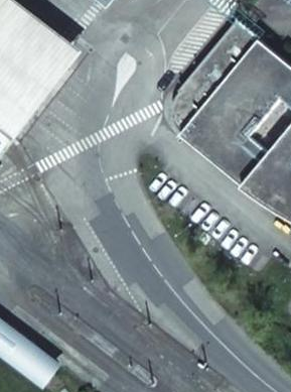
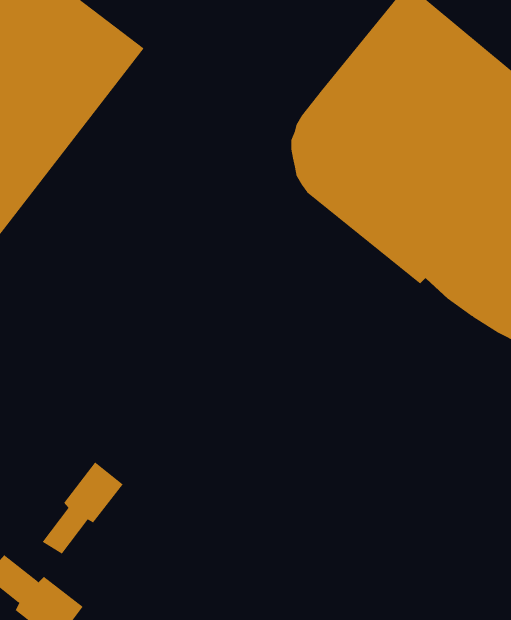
building: none -> [42,462,123,555]

